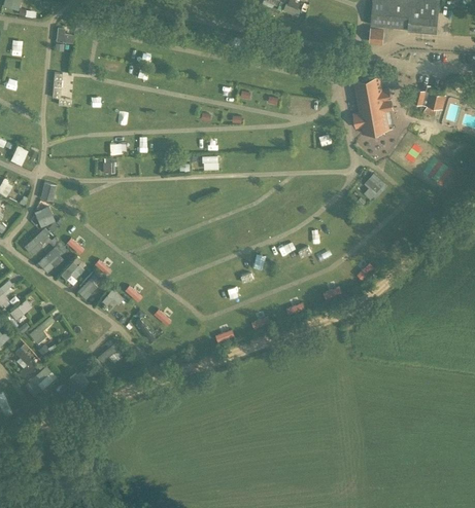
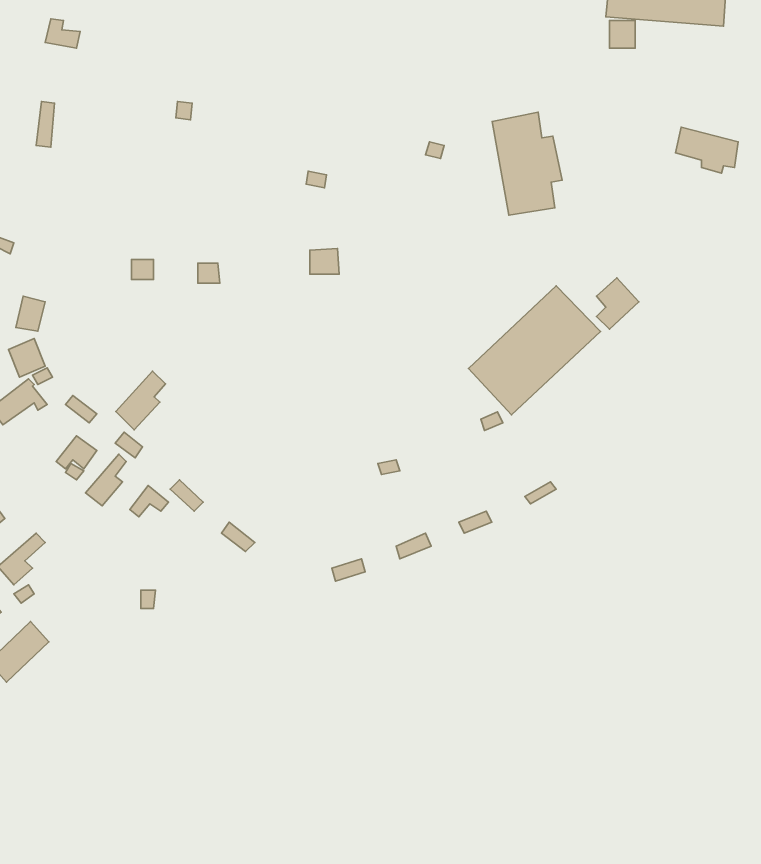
building: [351,76,391,134] -> [492,112,562,215]
building: none -> [469,286,601,415]
building: [38,241,66,274] -> [116,371,165,430]

